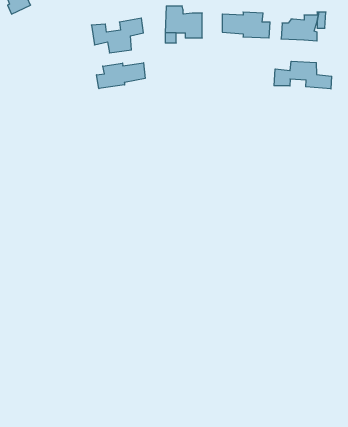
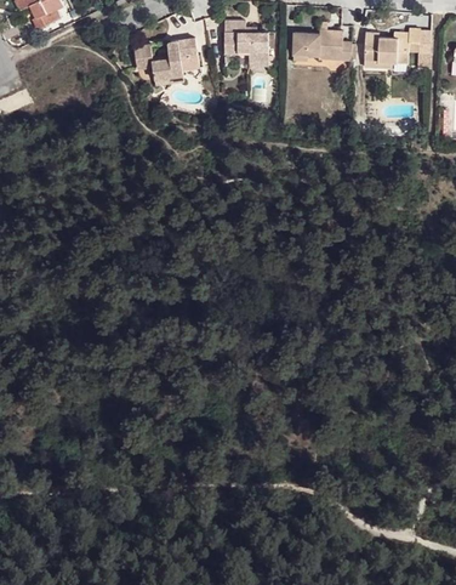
building: [274,61,332,89] -> none
building: [97,63,145,89] -> none

